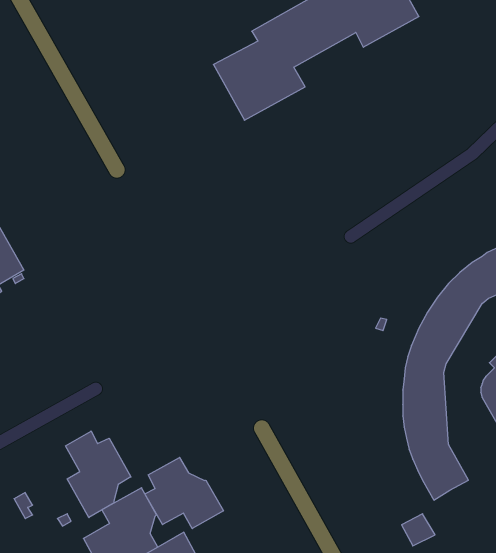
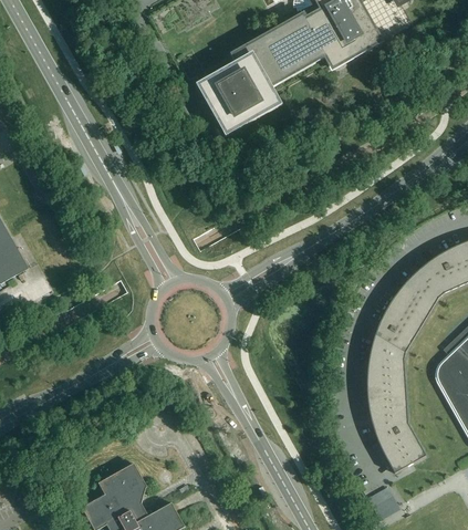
building: [66,431,131,518] -> none
building: [145,457,223,529] -> none

